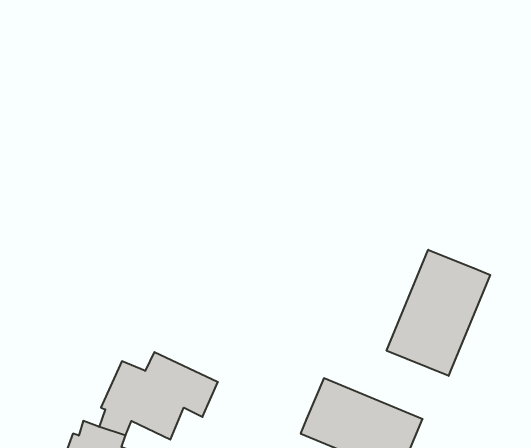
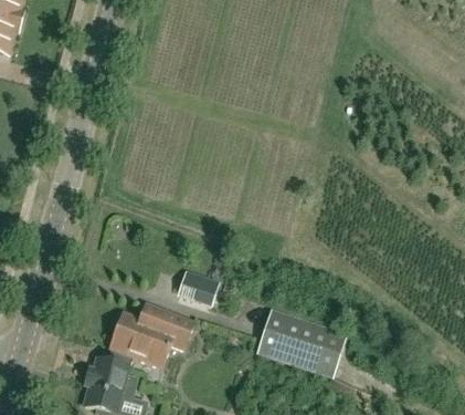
building: [387,250,490,376] -> none
building: none -> [179,272,218,301]

